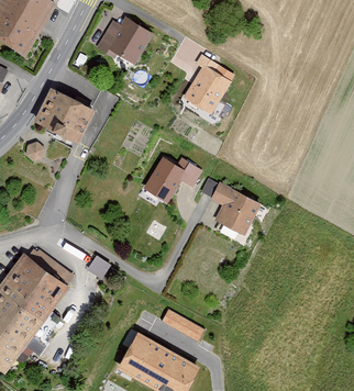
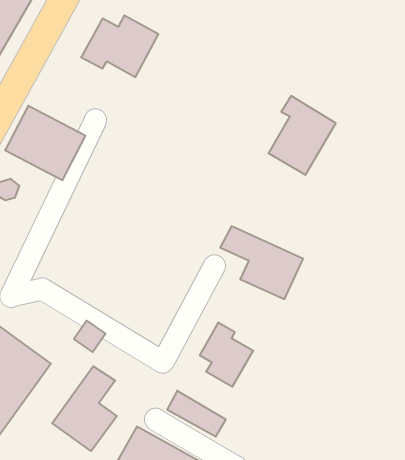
building: [185,53,236,113] -> [268,96,336,175]
building: [143,158,199,204] -> none
building: none -> [200,322,253,387]
building: none -> [52,366,117,451]

